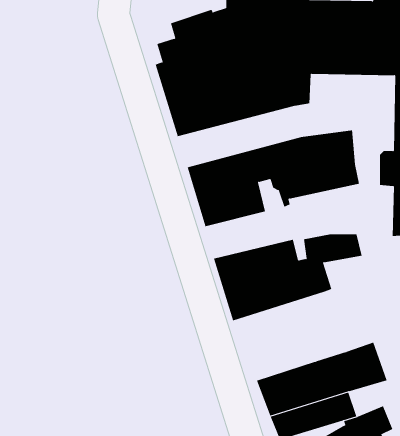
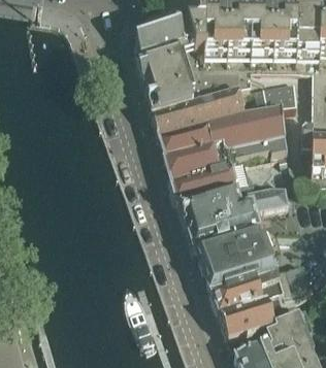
building: none -> [152,85,297,140]
building: none -> [172,170,238,208]
building: none -> [193,233,280,299]

